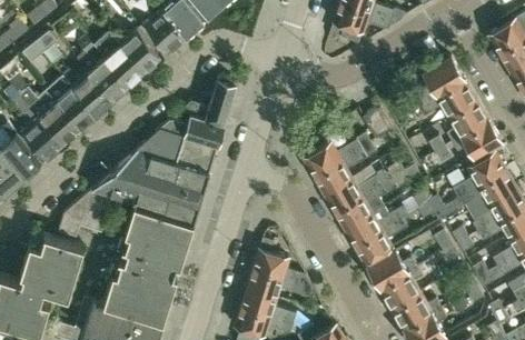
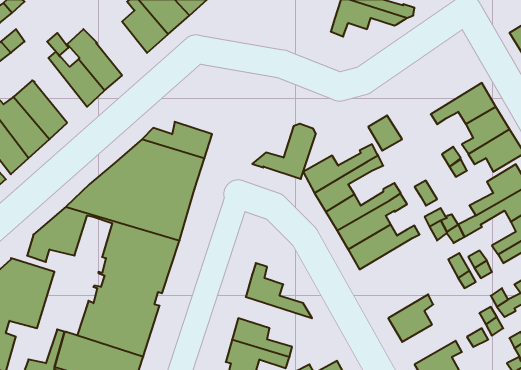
building: [120,30,160,73] -> none
building: [66,58,112,116] -> none
building: [406,59,464,111] -> none
building: [180,77,237,126] -> [252,124,316,179]
building: [355,218,406,262] -> none
building: [367,252,416,289] -> none
building: [247,270,315,300] -> none
building: [393,294,440,330] -> none

